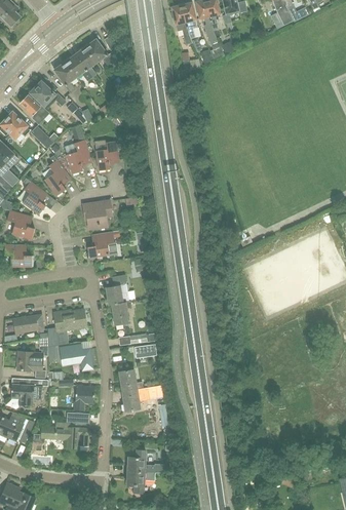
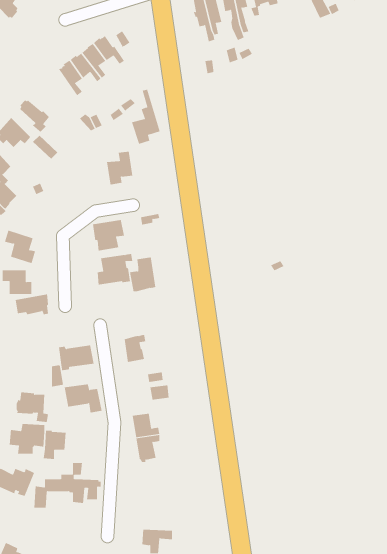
building: [31,80,67,105] -> none
building: [67,125,92,173] -> [131,89,161,145]
building: [45,155,71,195] -> none
building: [23,178,48,214] -> none
building: [106,274,129,305] -> [129,257,156,292]
building: [13,314,43,332] -> [15,294,49,315]
building: [74,385,94,410] -> [43,430,66,460]
building: [128,449,164,473] -> none

